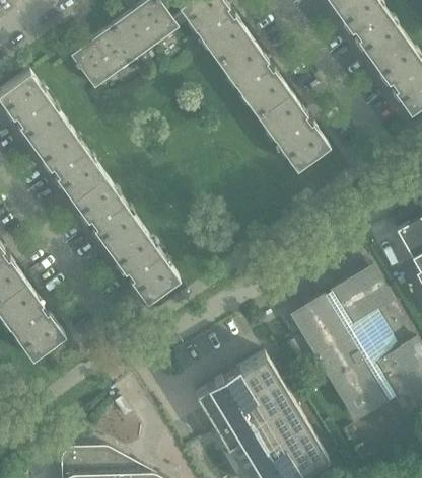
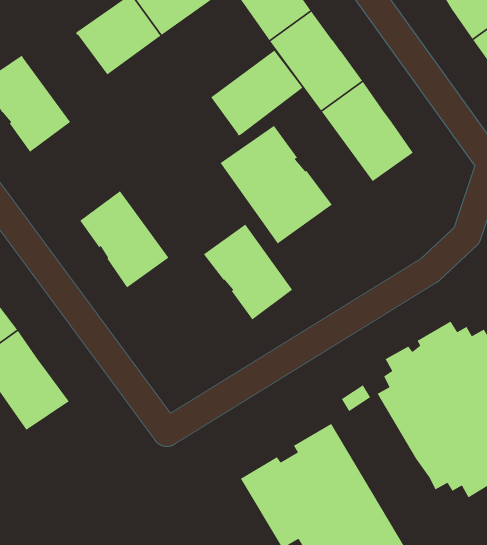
building: none -> [210,50,303,137]
building: [36,126,104,201] -> none
building: none -> [220,125,333,245]
building: [110,229,179,303] -> [203,223,293,321]

